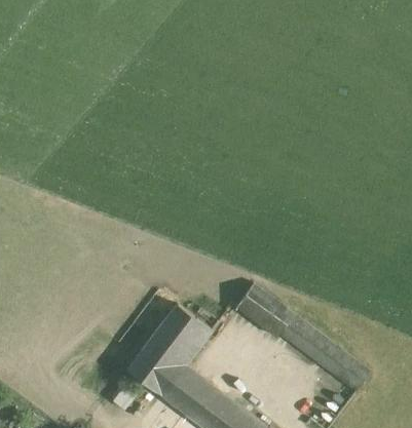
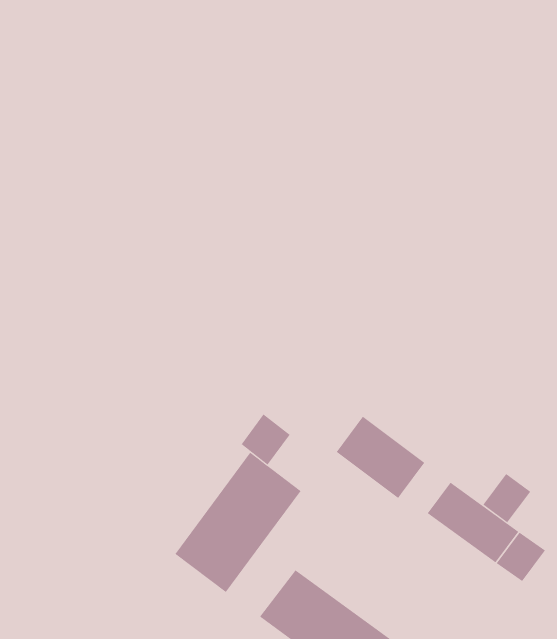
building: none -> [241,414,290,465]
building: [276,312,308,345] -> [482,473,531,523]
building: [161,365,207,413] -> none

